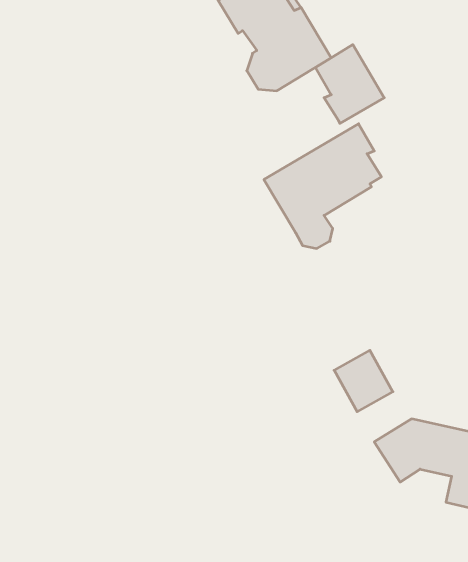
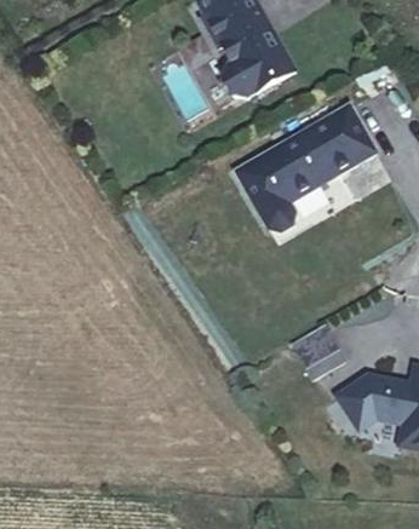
building: [315,45,384,123] -> [320,104,378,171]

